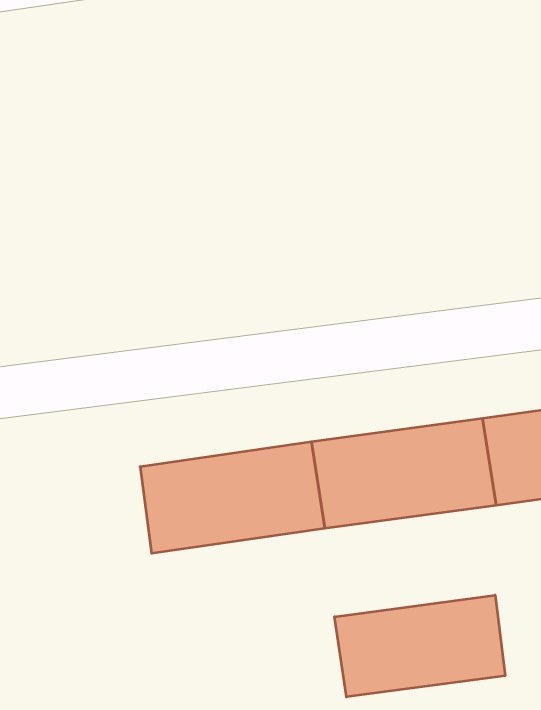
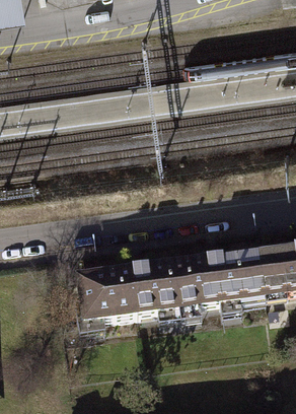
building: [335,595,505,697] -> none

